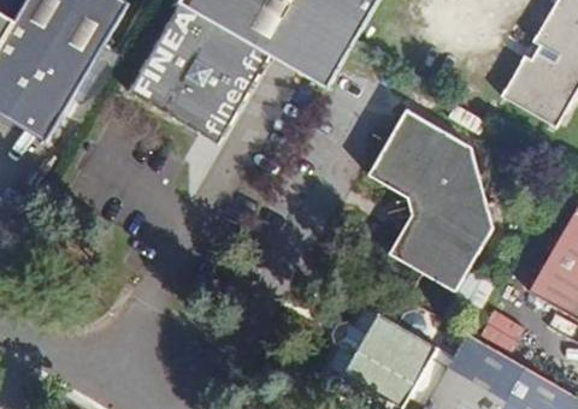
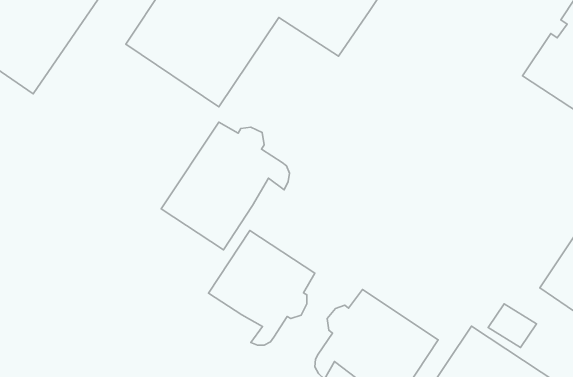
building: [367,108,493,291] -> none
building: none -> [161,122,289,250]
building: none -> [208,230,315,345]

